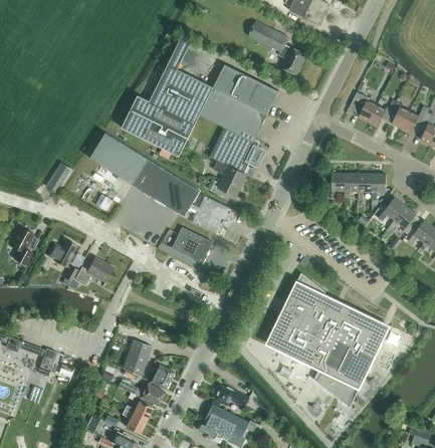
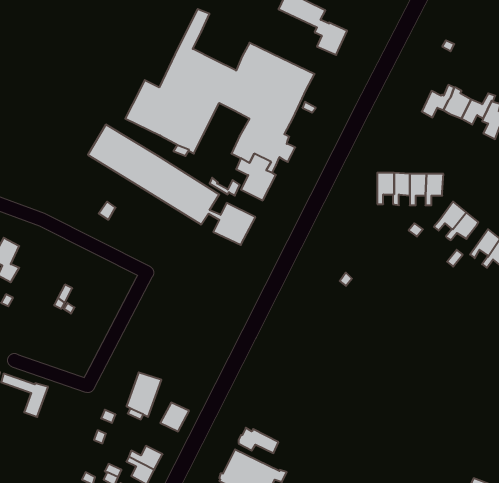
building: [351,92,377,122] -> none
building: [46,163,73,194] -> none
building: [175,227,215,264] -> none
building: [47,240,76,267] -> none
building: [75,257,114,283] -> none
building: [263,271,388,406] -> none
building: [119,380,165,406] -> none

